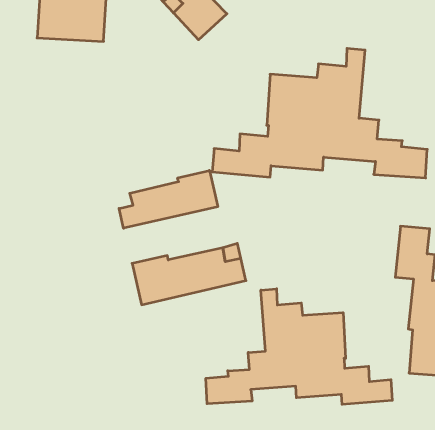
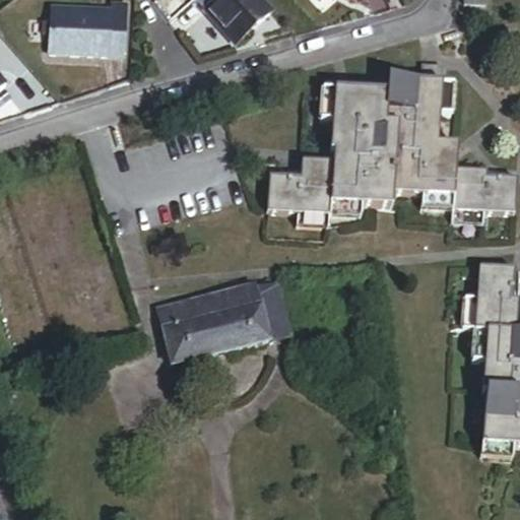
building: [119,170,218,228] -> none
building: [206,289,392,404] -> none

